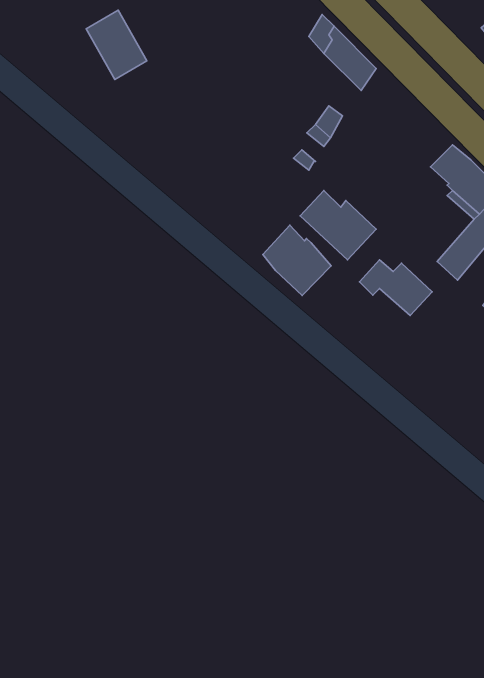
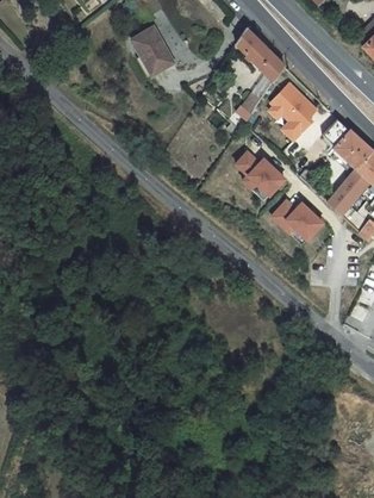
building: [86,10,147,80] -> [131,26,174,75]
building: none -> [266,82,323,142]
building: [263,225,331,295] -> none

